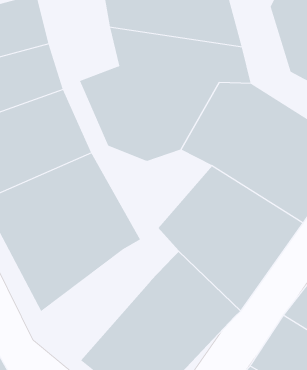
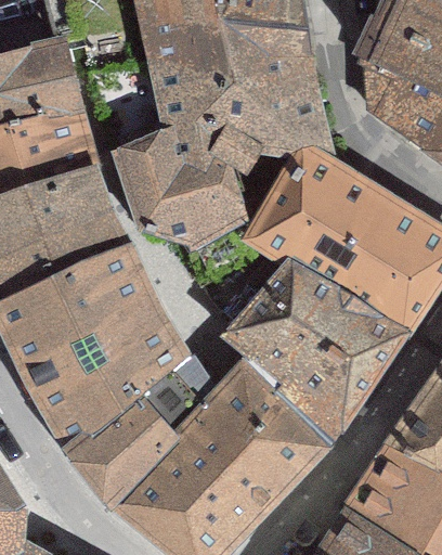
building: none -> [62,370,204,514]

